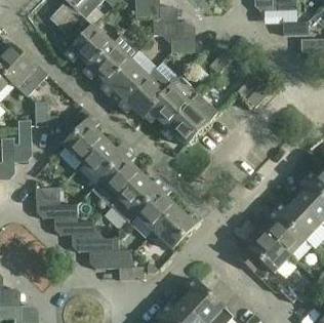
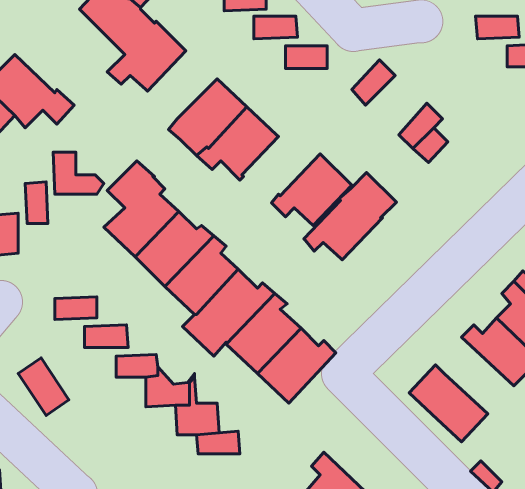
building: [84,36,137,83] -> none
building: [146,77,200,128] -> [304,173,396,260]
building: [259,211,306,256] -> none

